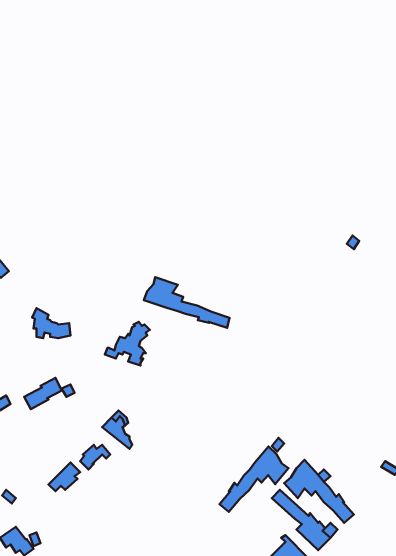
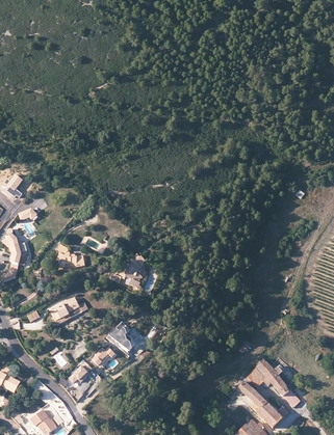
building: [144,277,230,328] -> none
building: [219,447,289,512] -> none

